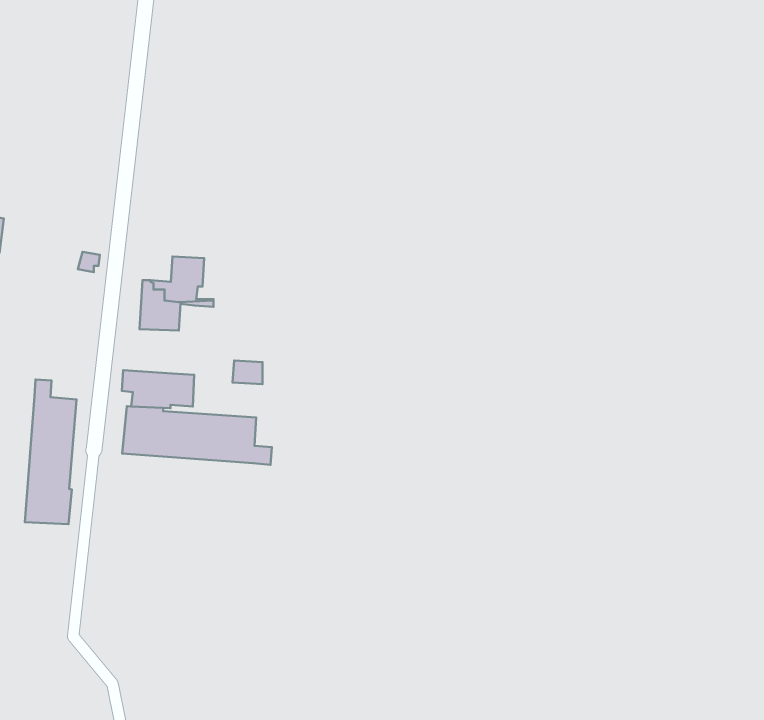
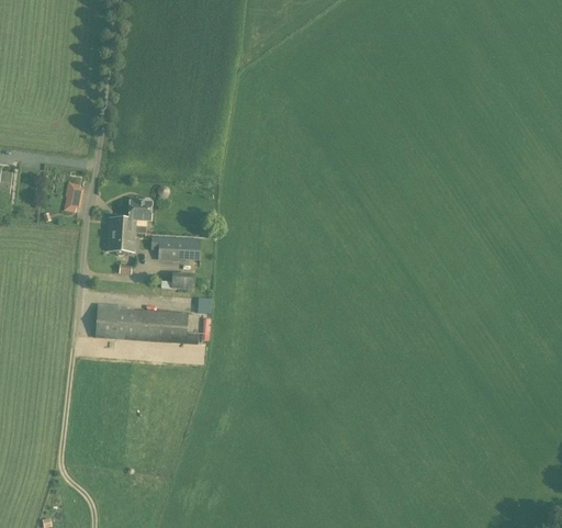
building: [122,370,194,408] -> [149,235,200,261]
building: [25,379,76,524] -> none

